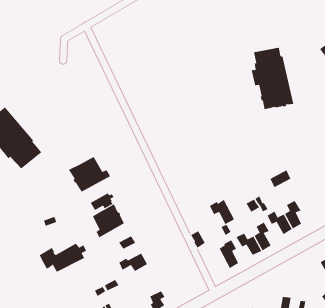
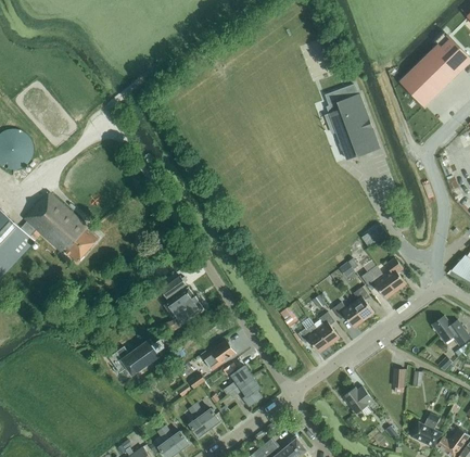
building: [67,156,111,193] -> none
building: [209,199,235,225] -> [298,323,330,353]
building: none -> [226,365,255,397]

